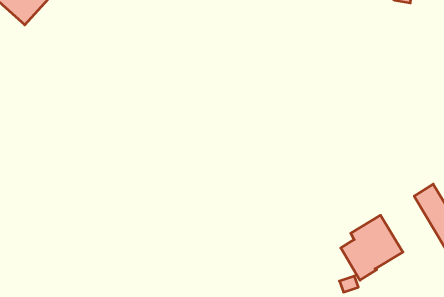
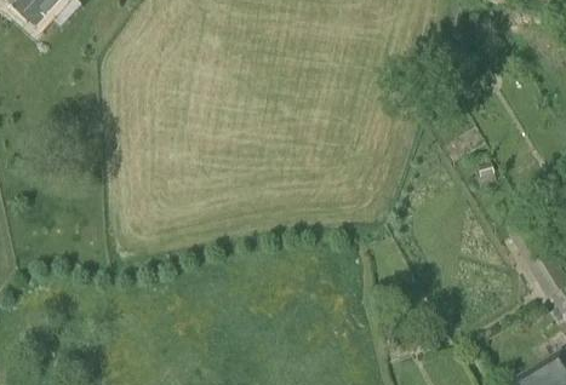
building: [341,215,403,280] -> none

